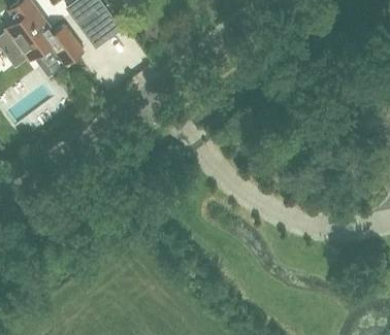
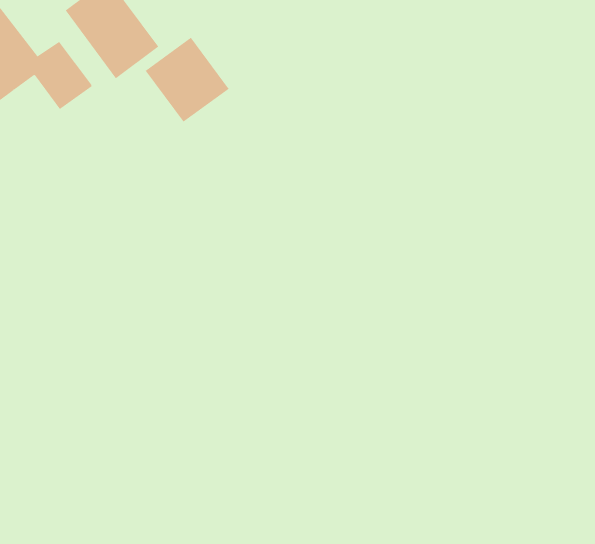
building: none -> [145,37,229,123]

